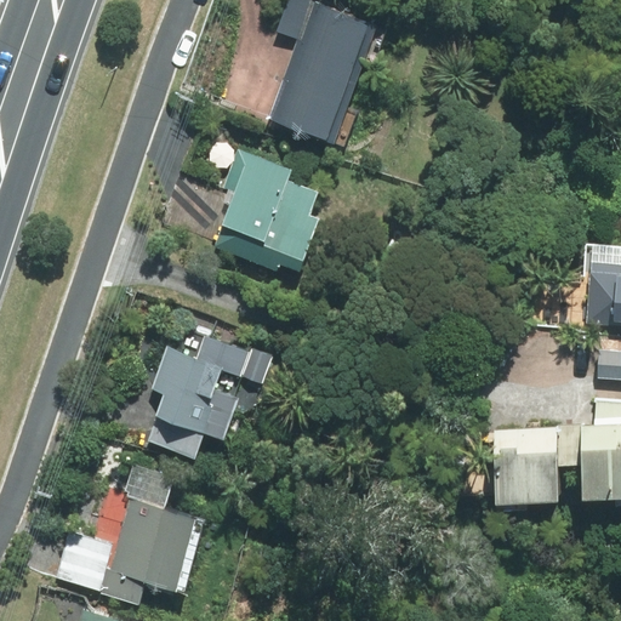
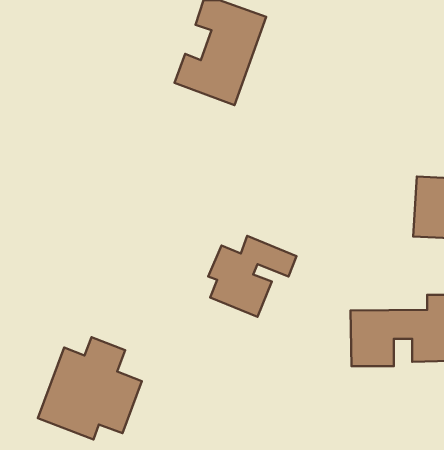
building: [217,152,319,266] -> none
building: [153,332,274,444] -> [208,236,296,317]

